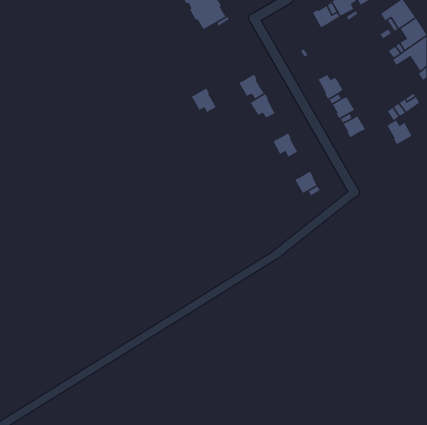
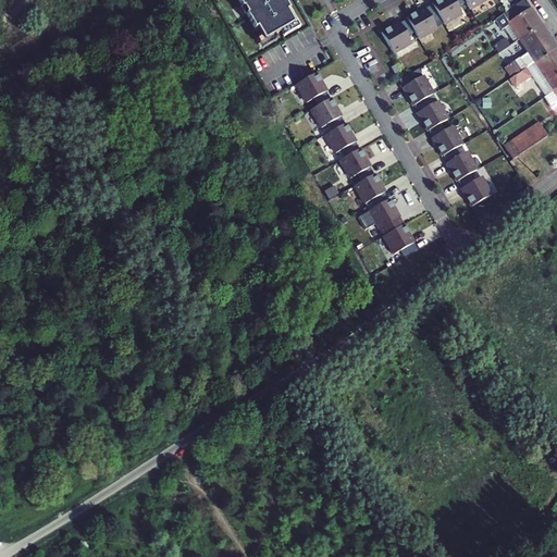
building: none -> [381,17,418,51]
building: none -> [399,71,433,104]
building: [191,87,217,113] -> [296,71,330,104]
building: none -> [339,147,374,181]
building: [386,119,412,145] -> [457,172,491,206]
building: none -> [369,197,403,231]

